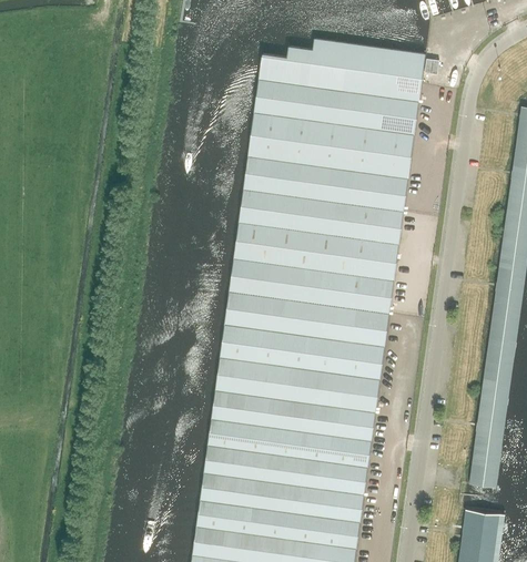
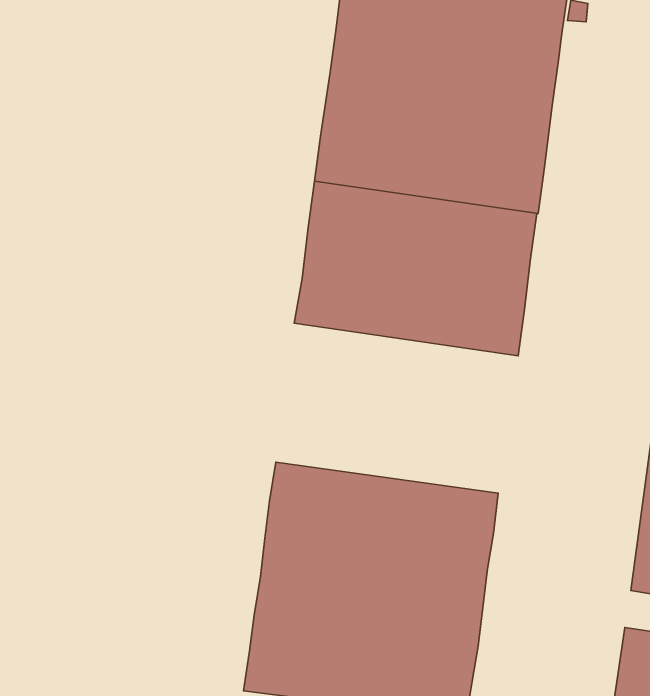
building: [215,292,389,413] -> none

